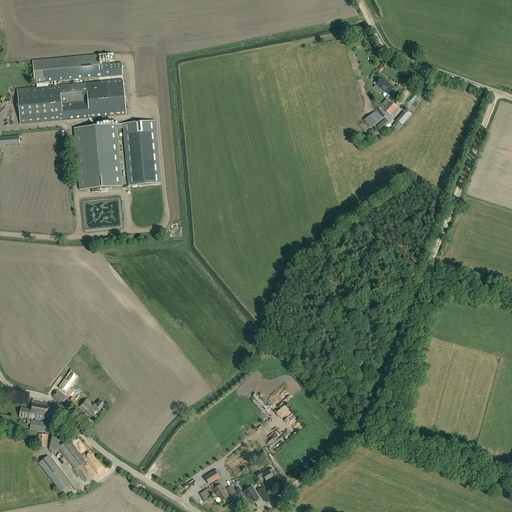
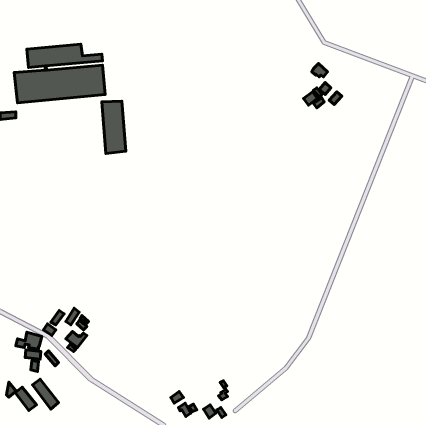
building: [74,123,122,188] -> none
building: [49,433,85,467] -> [6,382,36,411]

